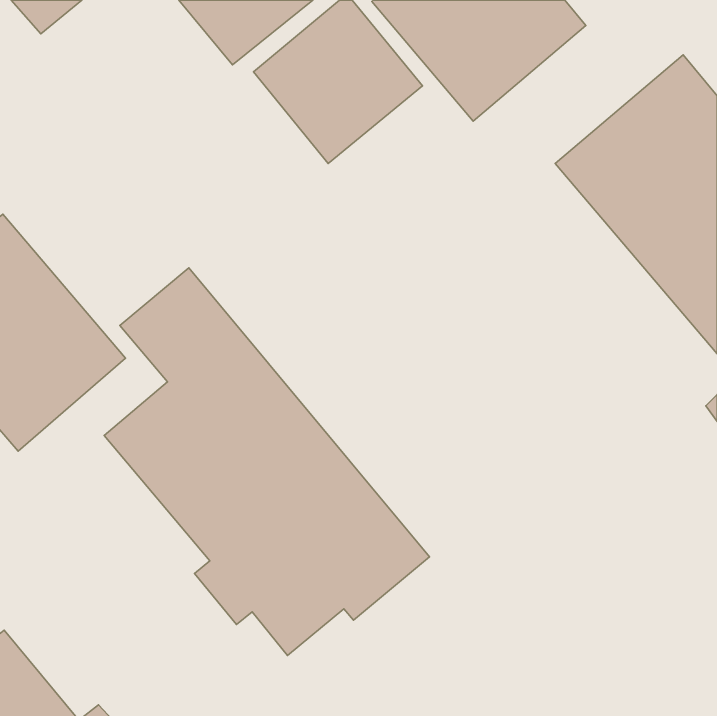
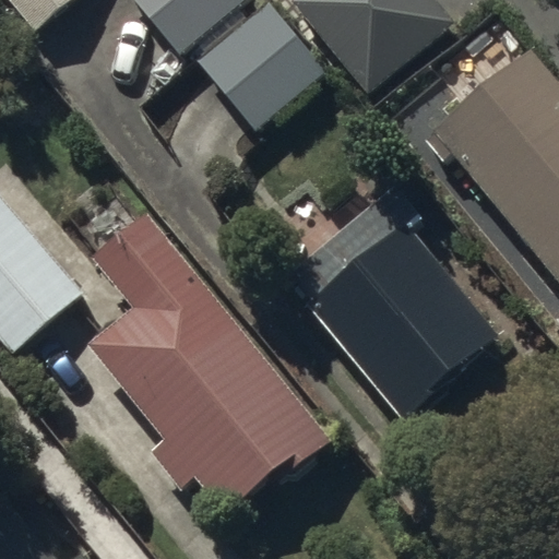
building: none -> [288,179,498,413]

